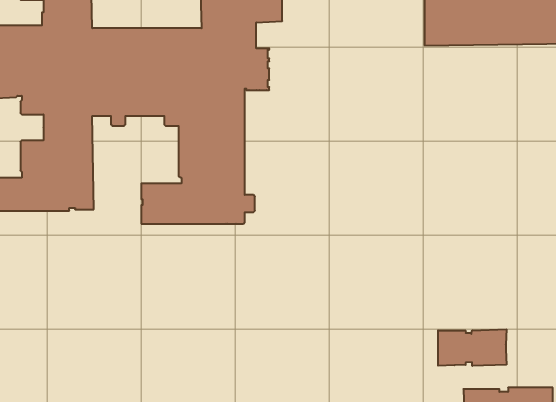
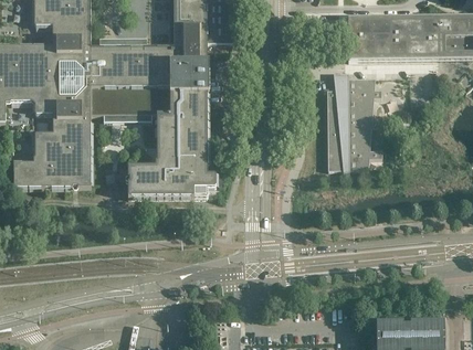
building: none -> [327,74,382,169]
building: [438,329,506,366] -> none

